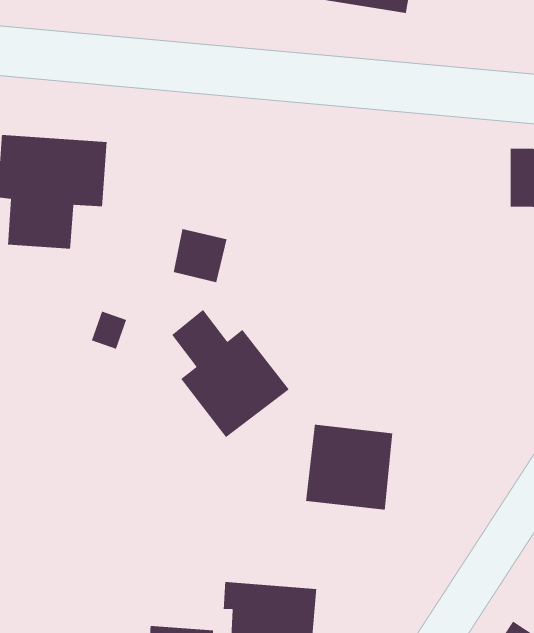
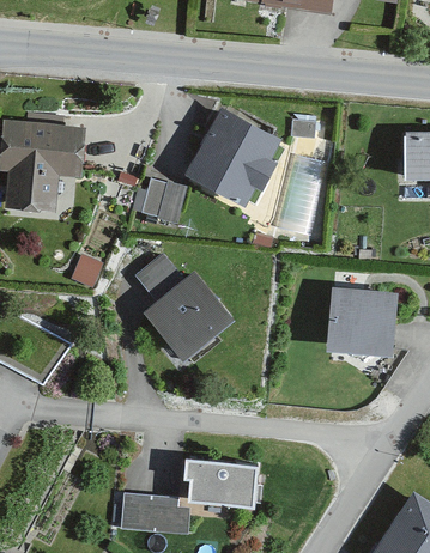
building: none -> [188,99,284,199]
building: [305,424,393,510] -> [326,279,395,347]

